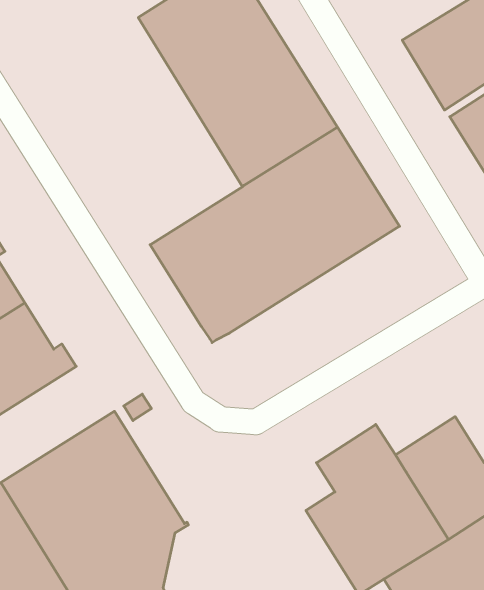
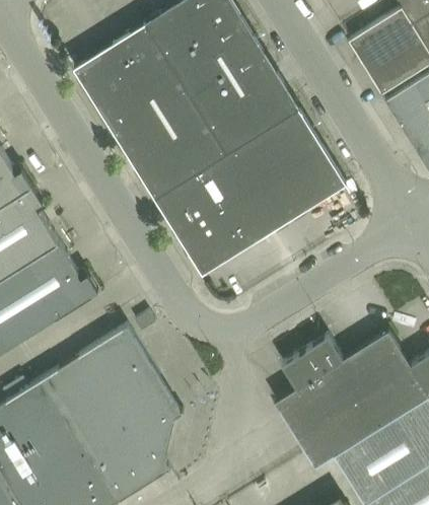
building: none -> [74,25,226,200]

